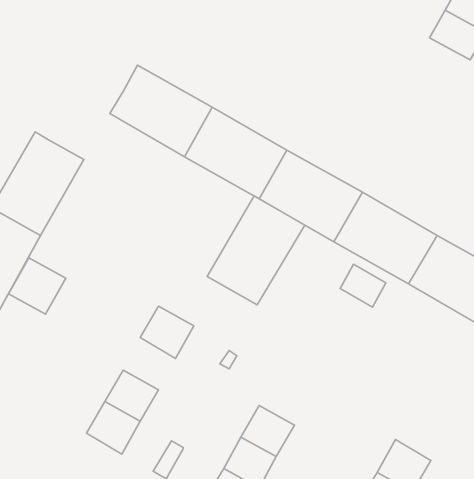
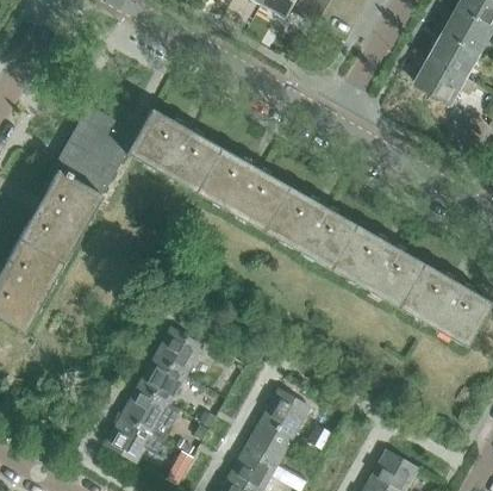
building: none -> [52,104,137,193]
building: [207,196,305,305] -> none
building: [8,258,66,314] -> none
building: [340,264,386,307] -> none
building: none -> [137,355,185,403]
building: none -> [261,387,310,435]

